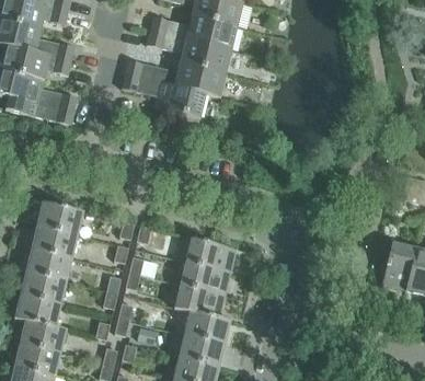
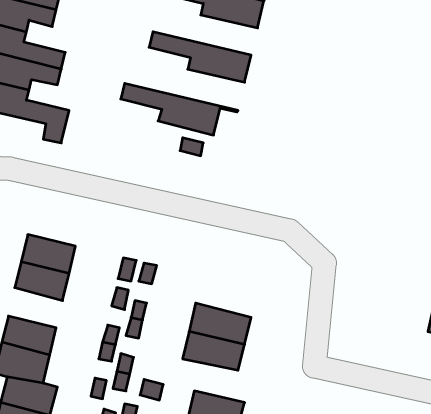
building: [149,16,238,50] -> none
building: [125,60,227,97] -> none
building: [185,239,238,273] -> none
building: [26,247,72,281] -> none
building: [184,311,232,345] -> none

